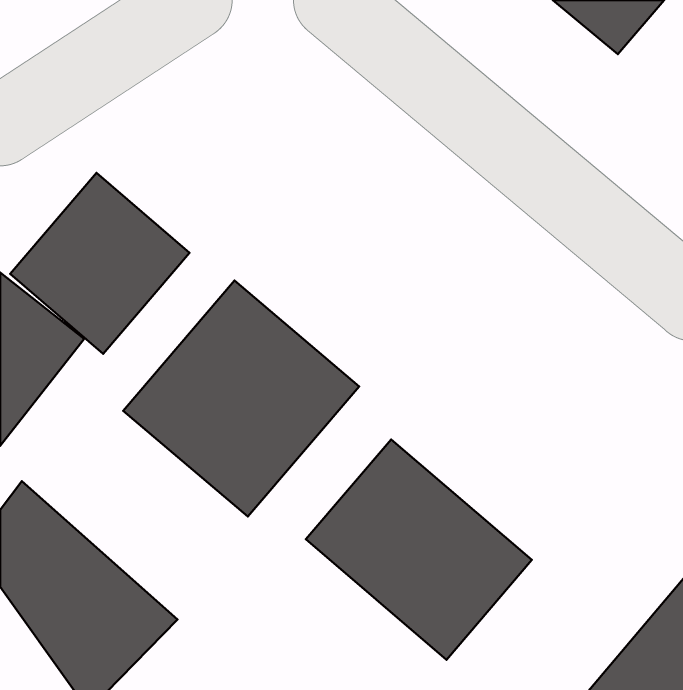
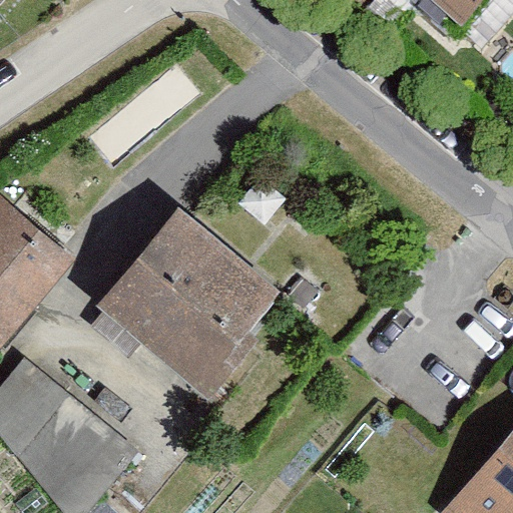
building: [10,173,189,354] -> none
building: [306,439,532,660] -> none

